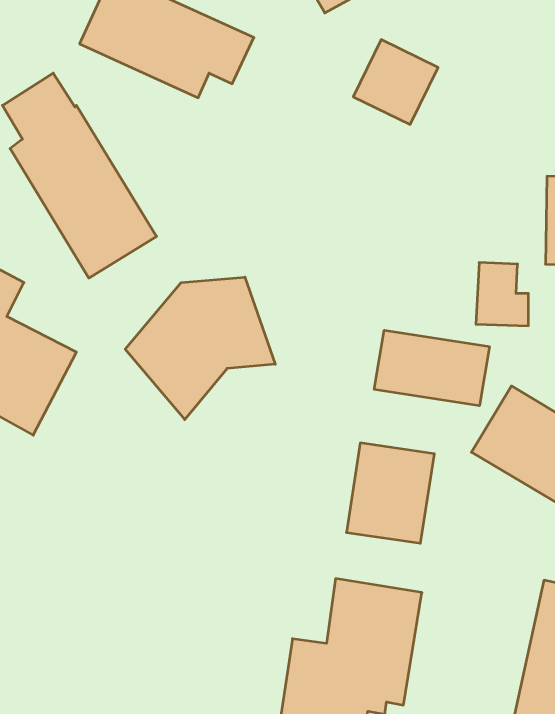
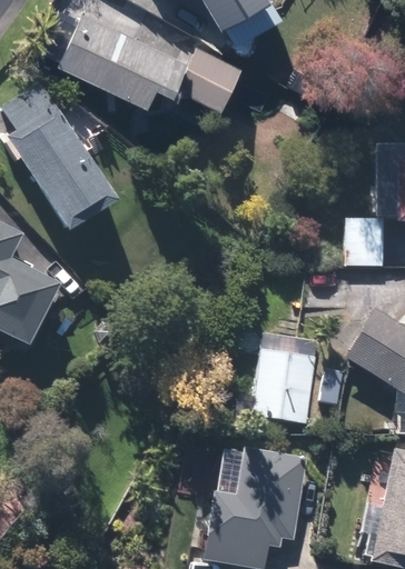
building: [353,40,438,124] -> [178,44,239,106]
building: [125,277,275,420] -> none
building: [374,330,489,406] -> none

